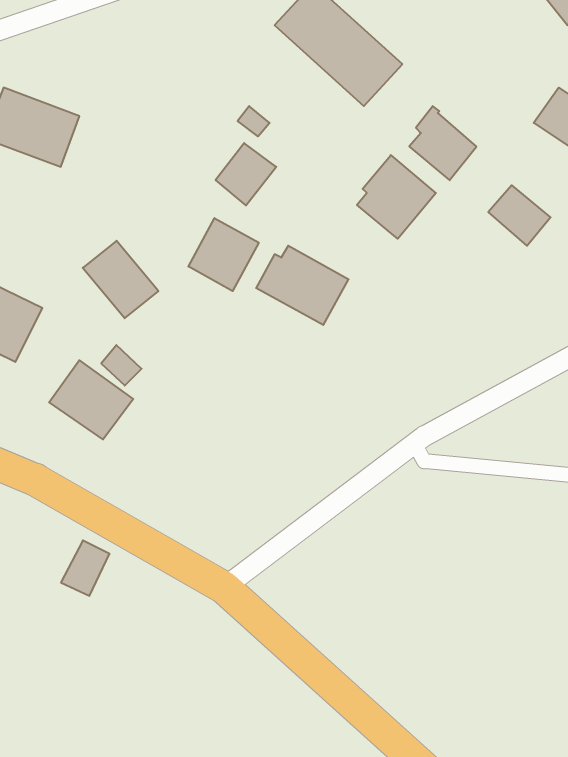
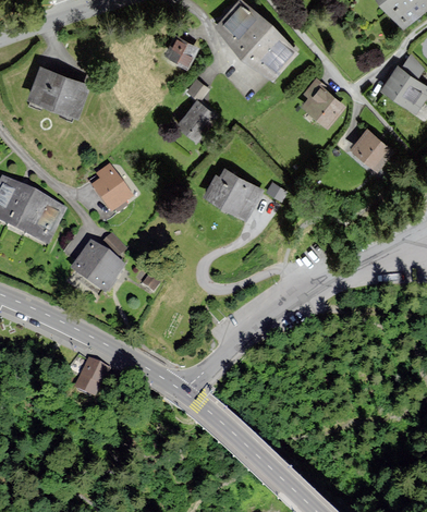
building: none -> [166,33,202,69]
building: [357,155,436,239] -> none
building: [188,218,259,291] -> none

